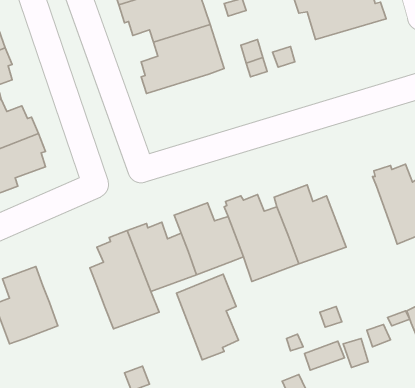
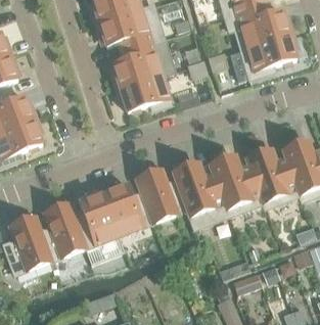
building: none -> [241,33,296,77]
building: none -> [117,74,172,110]
building: none -> [246,148,300,206]
building: none -> [40,200,86,260]
building: [177,274,238,360] -> none

